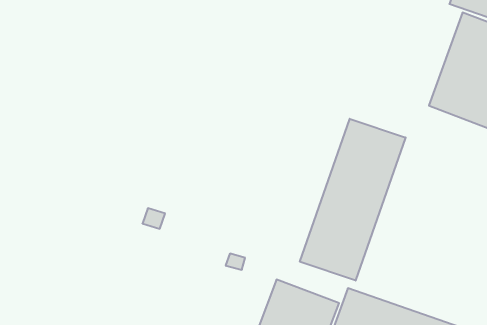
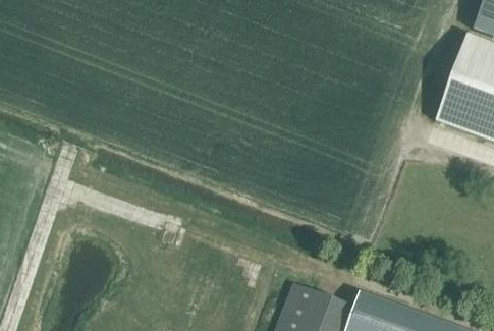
building: [300,119,406,281] -> none

